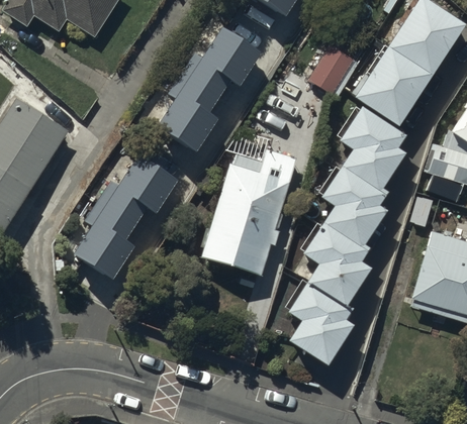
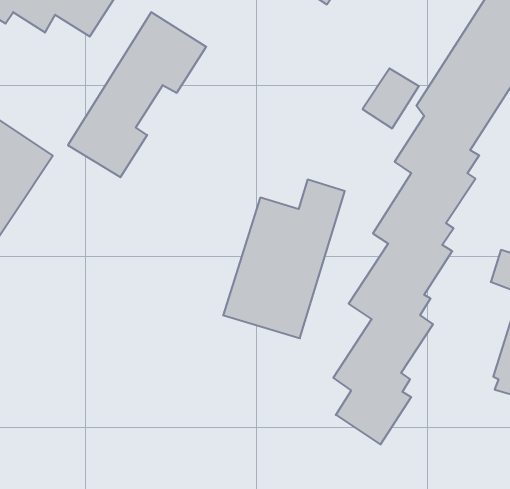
building: [155,18,264,148] -> [68,12,206,177]
building: [71,149,179,279] -> none

